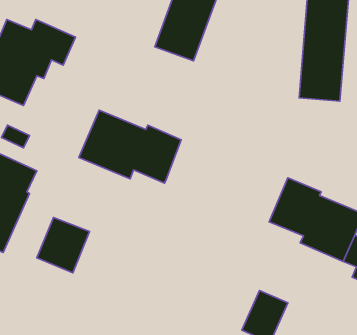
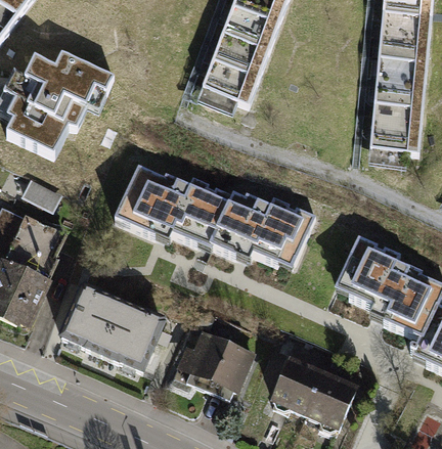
building: none -> [216,192,314,265]
building: none -> [107,304,168,368]
building: none -> [188,333,255,397]
building: none -> [270,358,324,418]

